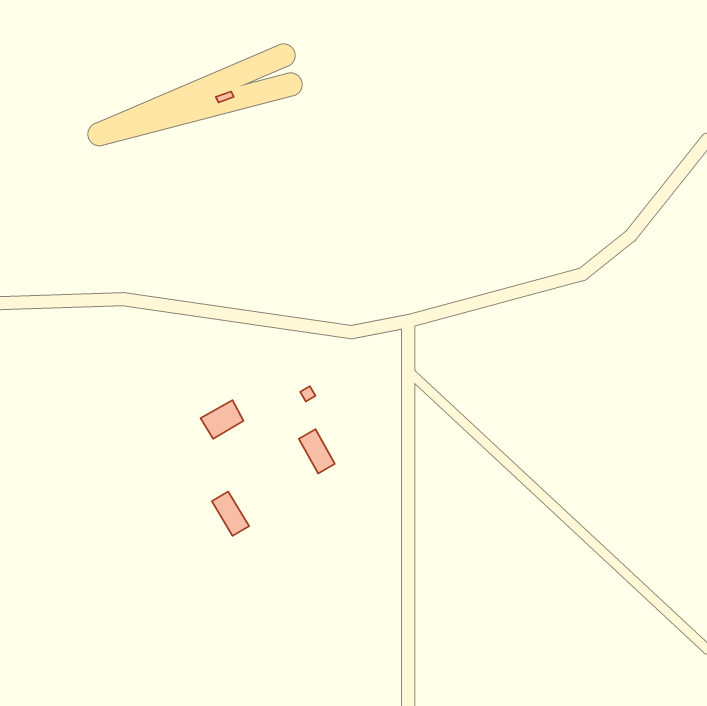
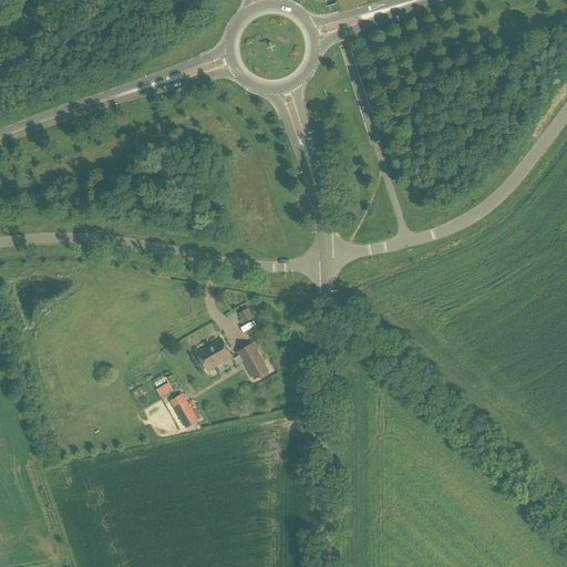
building: [201,400,244,439] -> [197,339,231,370]

